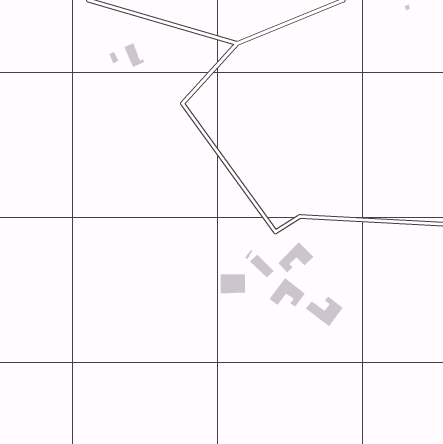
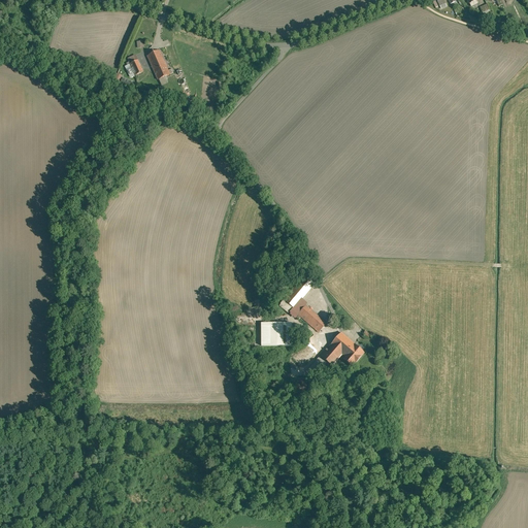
building: [278,241,314,273] -> none
building: [305,296,343,327] -> none

